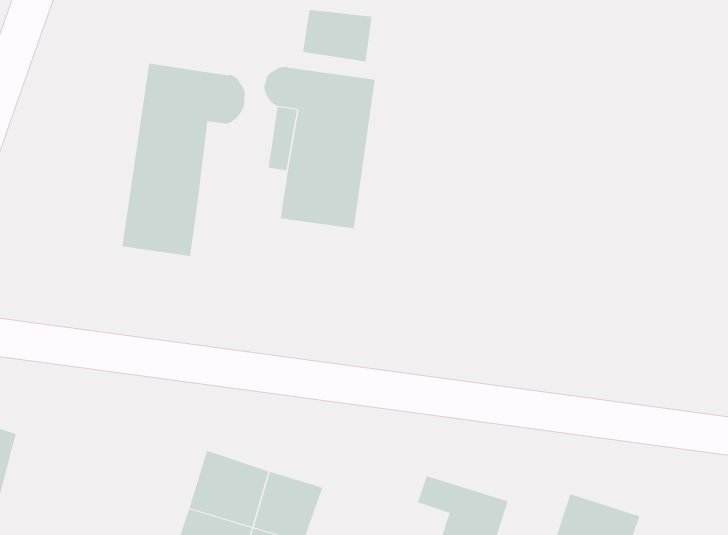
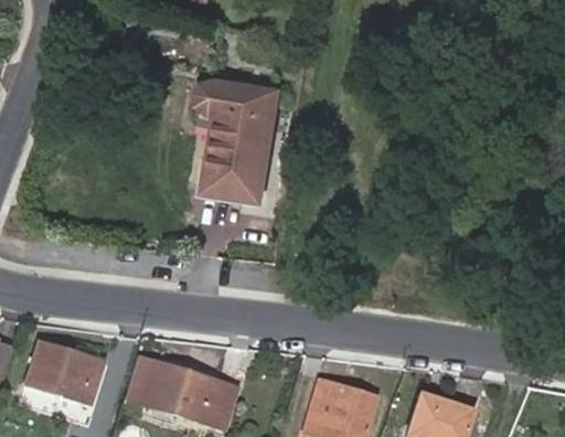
building: [303,9,372,62] -> none
building: [122,63,245,257] -> none
building: none -> [29,343,99,396]

